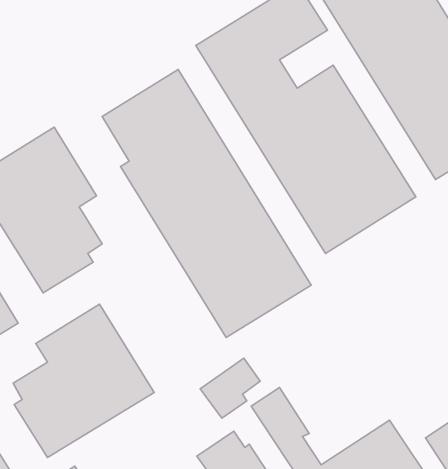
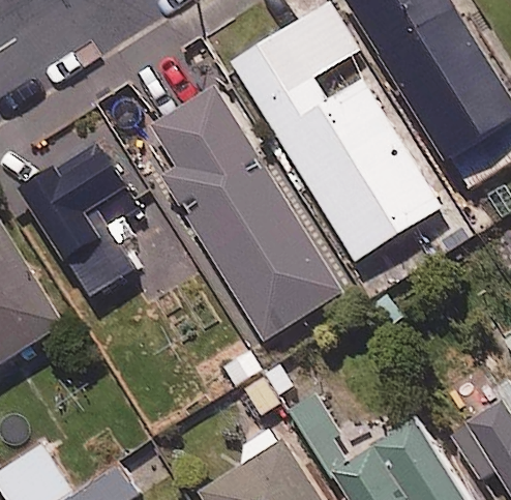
building: [13,304,154,457] -> none

